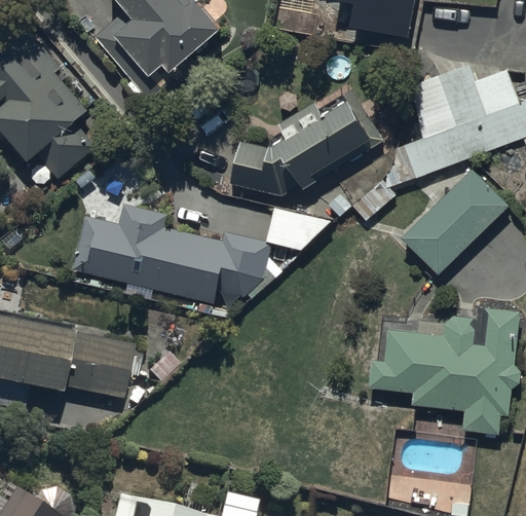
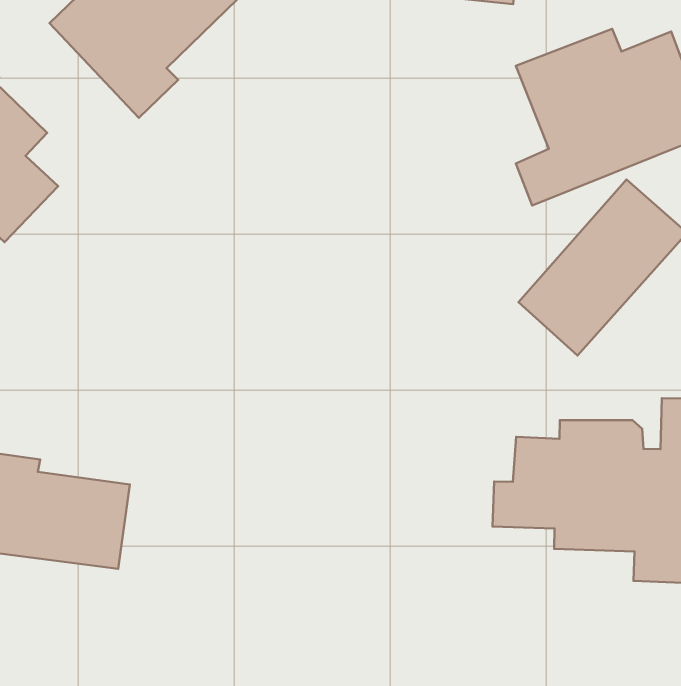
building: [231,93,376,199] -> none
building: [74,205,332,306] -> none

